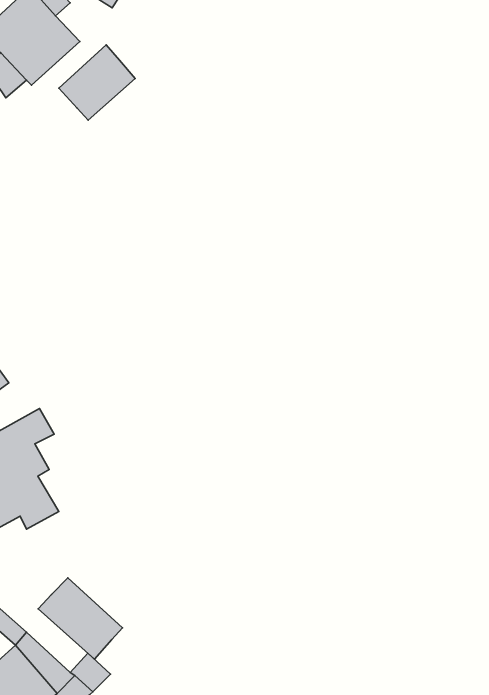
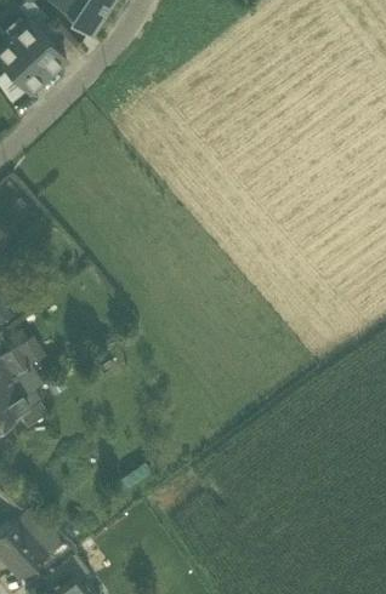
building: [59,45,135,120] -> none
building: [38,578,123,659] -> none

